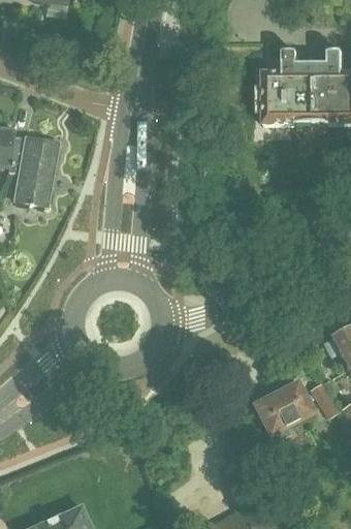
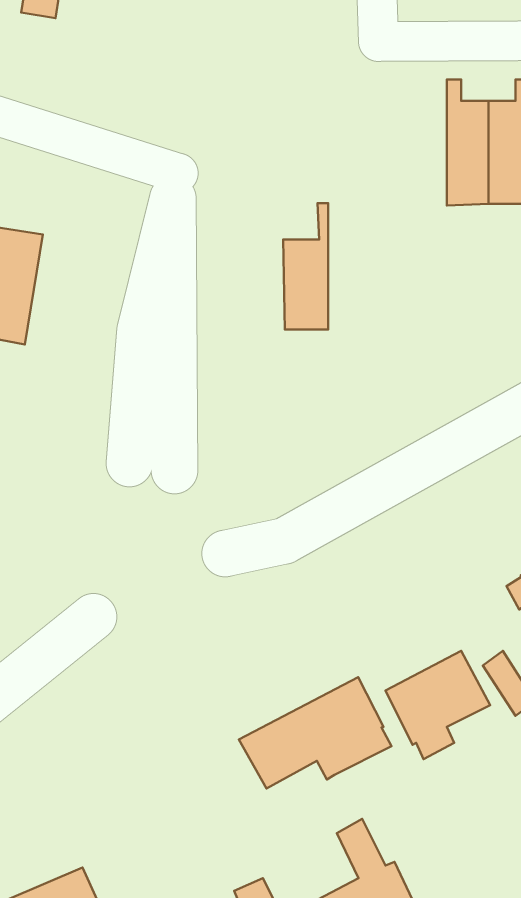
building: [262,53,288,125] -> [283,203,328,330]
building: none -> [239,677,391,789]

